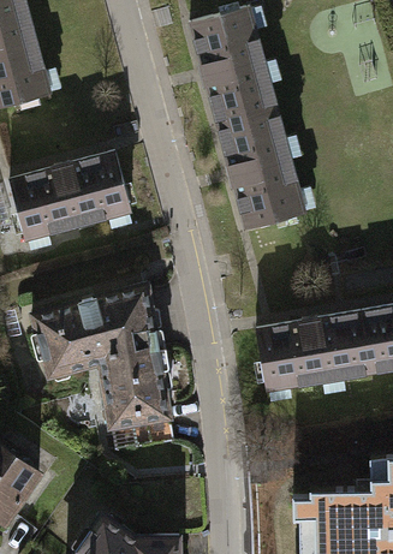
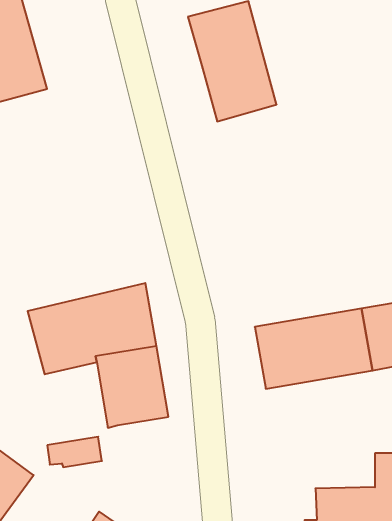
building: [216,109,304,228] -> none
building: [7,153,129,239] -> none
building: [118,418,172,448] -> [47,437,102,467]

